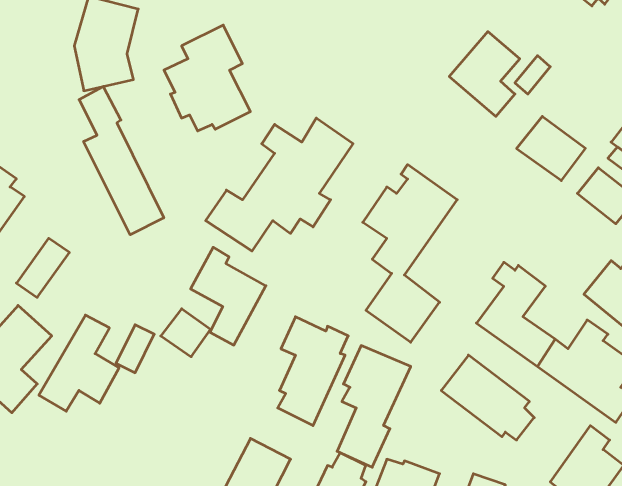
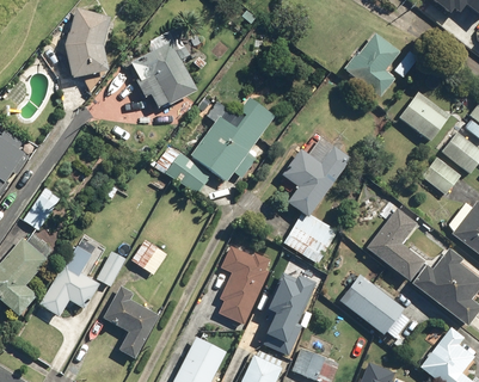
building: [79,86,164,235] -> none
building: none -> [418,155,460,196]
building: [191,247,266,345] -> [104,286,160,359]

